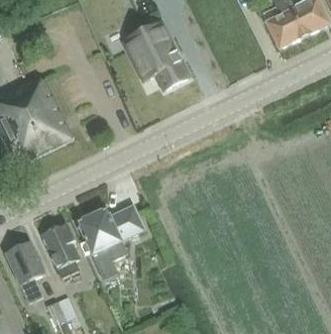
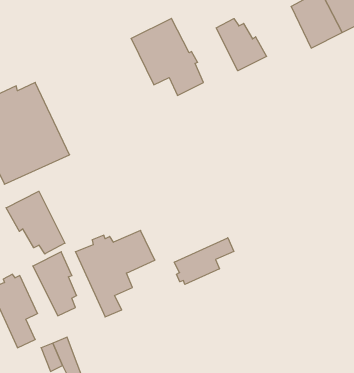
building: none -> [216,19,267,71]
building: none -> [6,191,65,254]
building: none -> [174,238,234,284]

